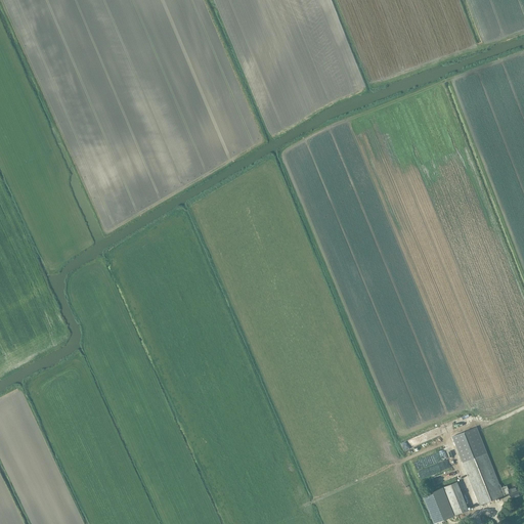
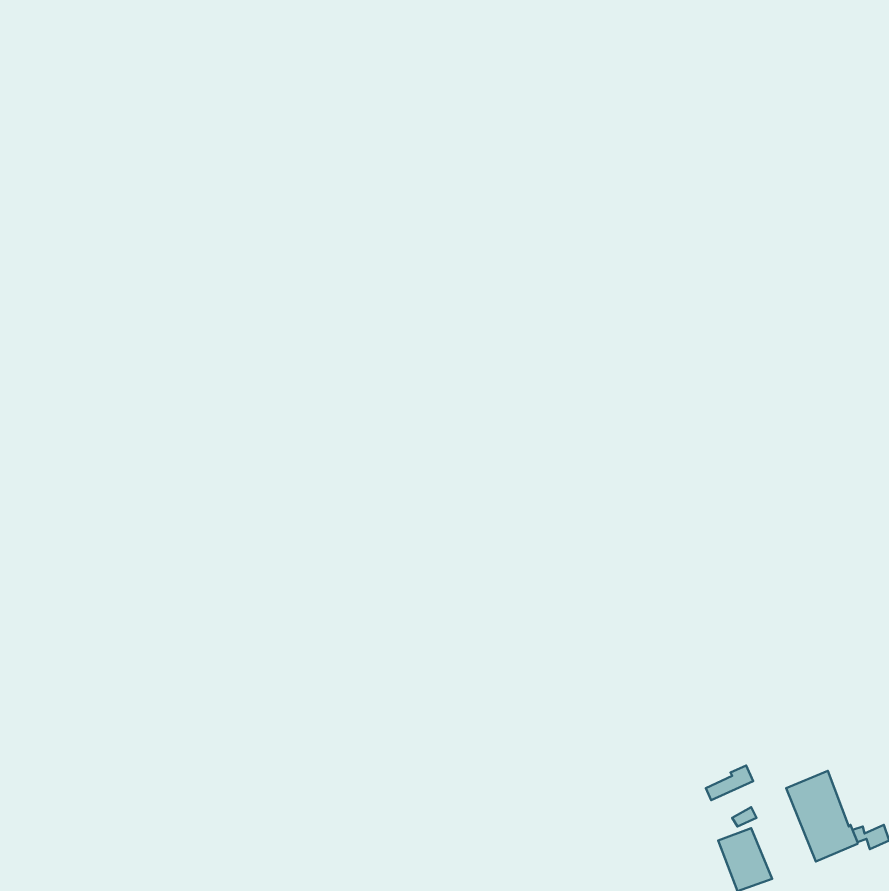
building: [451,427,486,463] -> none
building: [443,481,468,515] -> none

